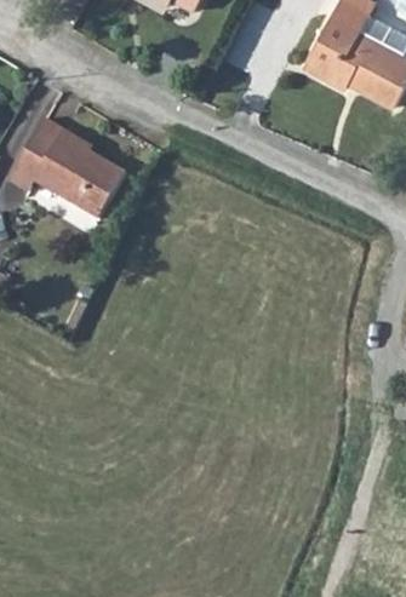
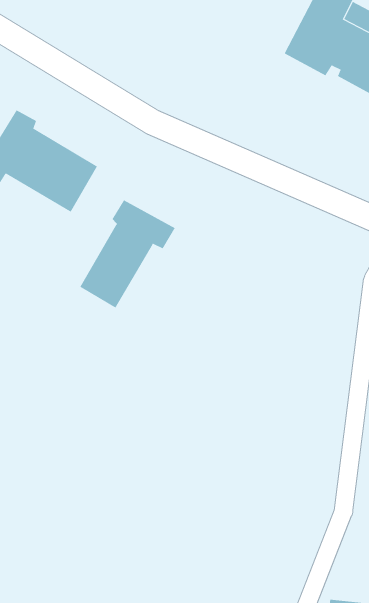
building: none -> [80,200,175,309]

